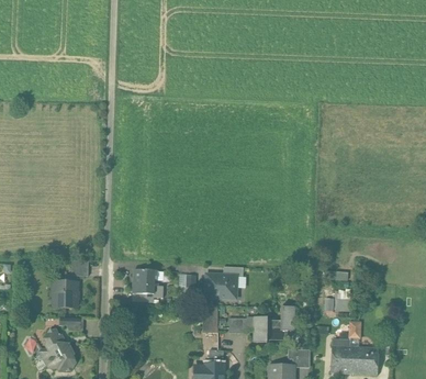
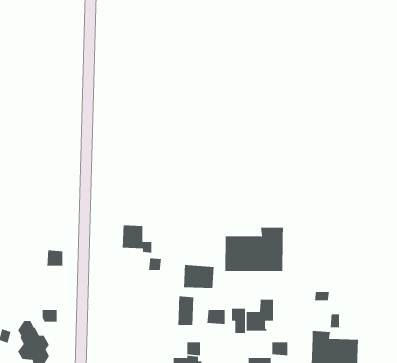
building: none -> [225,227,284,272]
building: [133,269,162,298] -> [122,225,152,254]
building: [54,281,77,308] -> none

